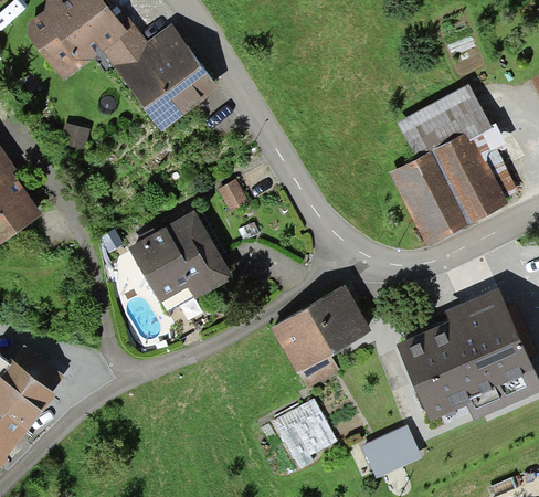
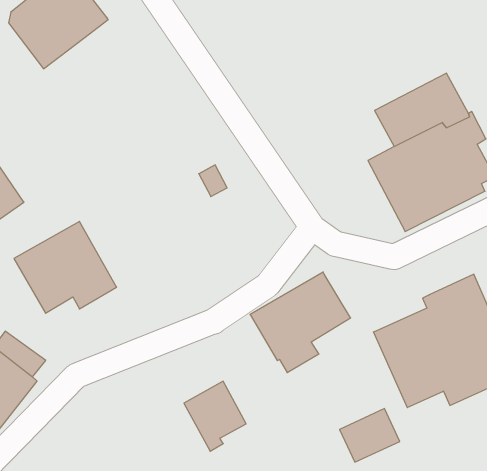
building: [102,22,216,131] -> none
building: [127,210,231,303] -> [14,221,117,313]
building: [273,395,336,466] -> [184,381,246,451]

